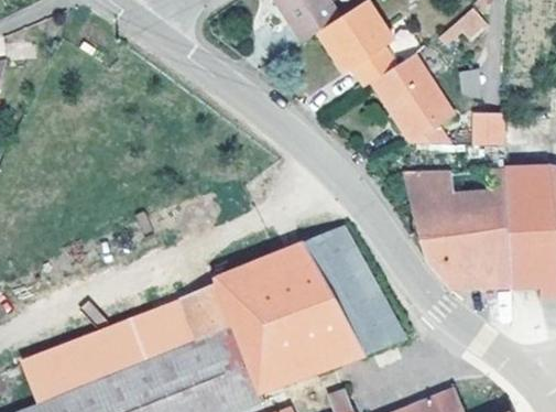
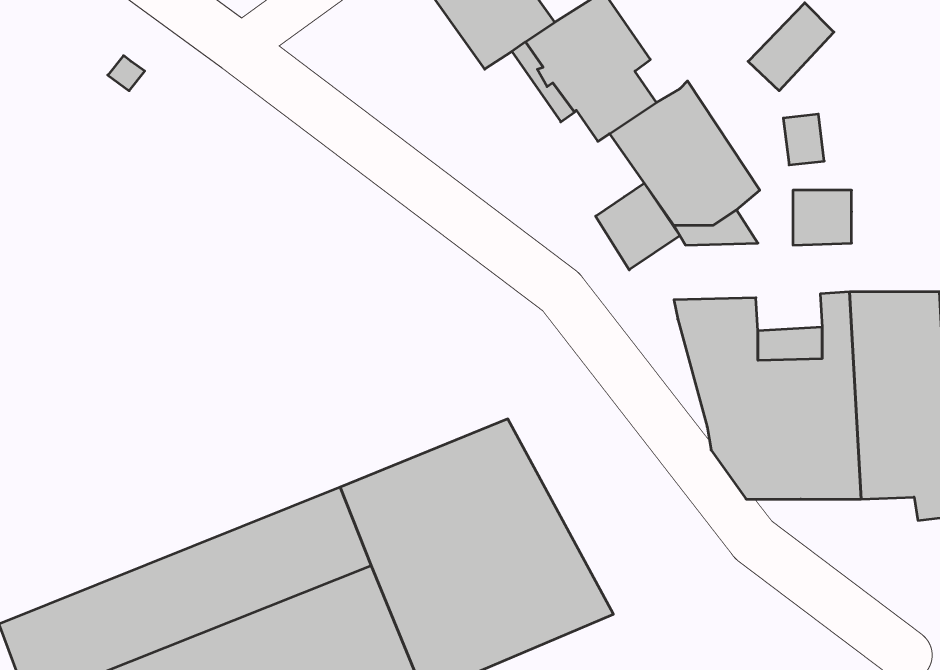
building: none -> [596,183,680,270]
building: [309,224,411,350] -> none

